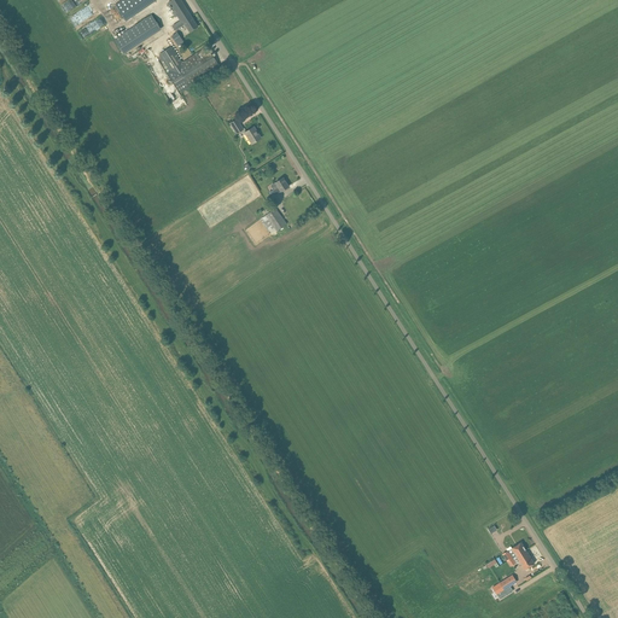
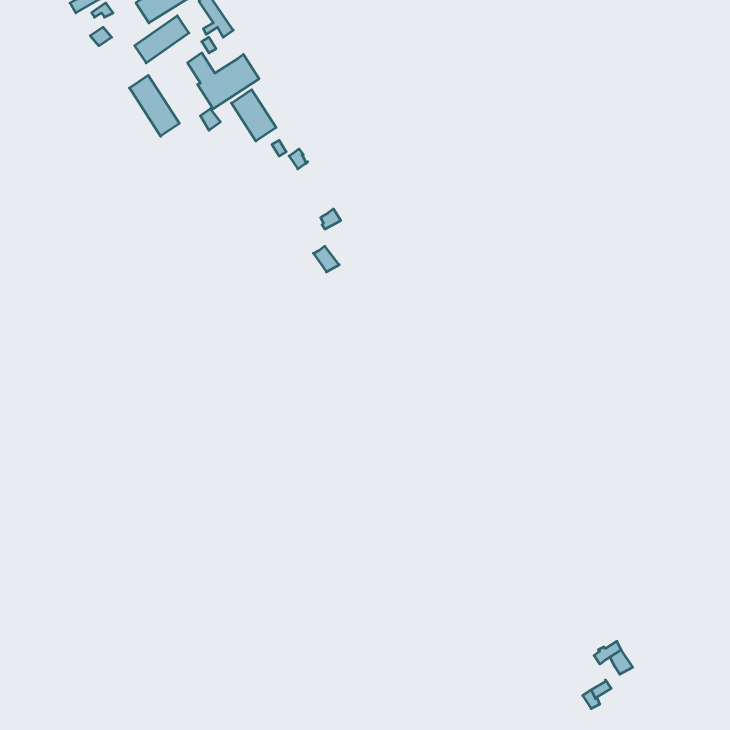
building: none -> [129,75,179,136]
building: none -> [231,90,276,141]

